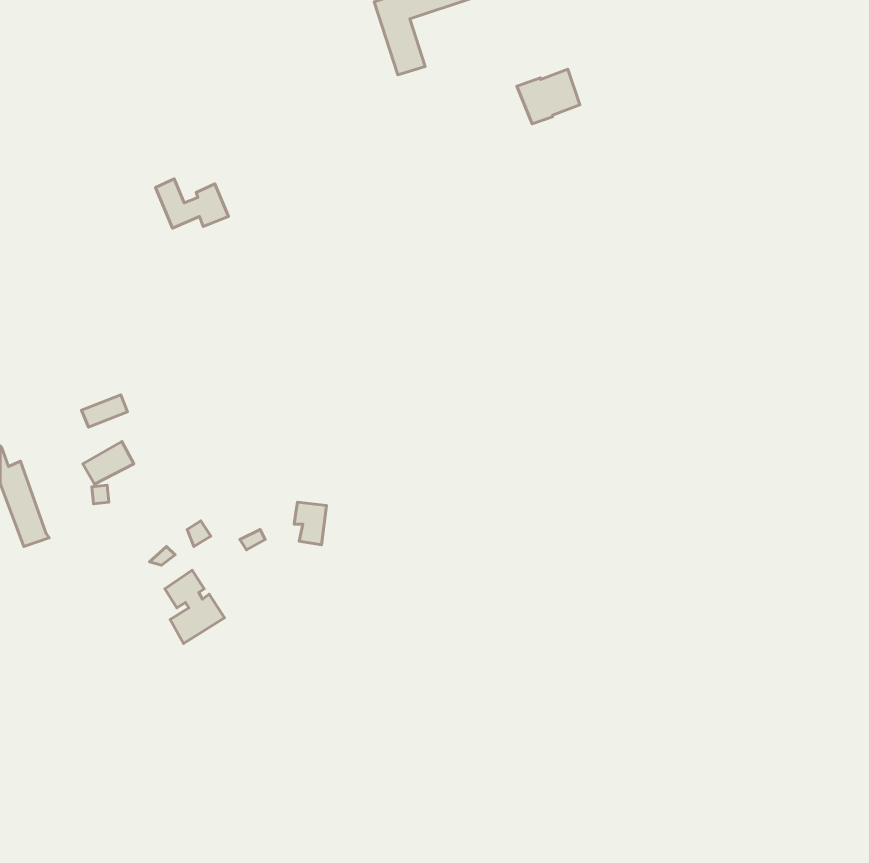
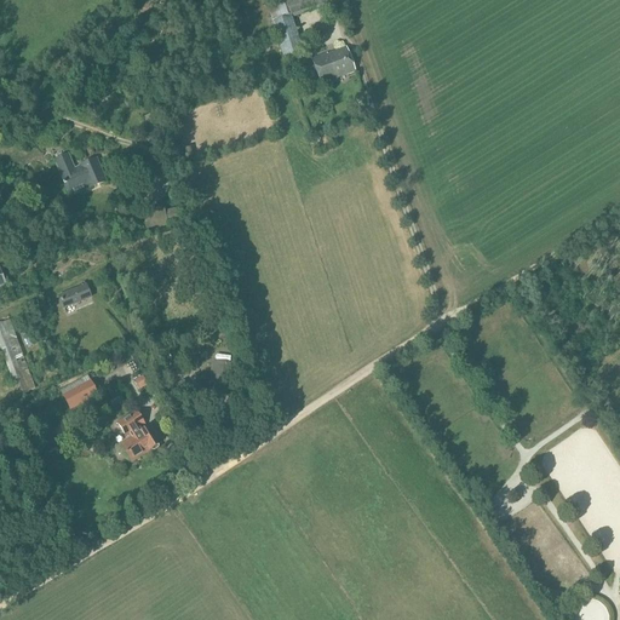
building: [517,69,580,124] -> [311,42,356,81]
building: [155,179,229,228] -> [54,150,107,185]
building: [83,442,134,484] -> [63,375,99,406]

